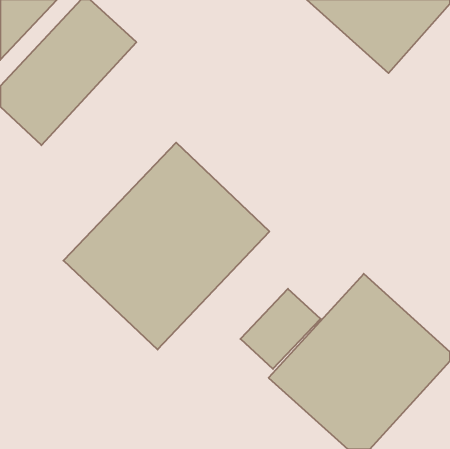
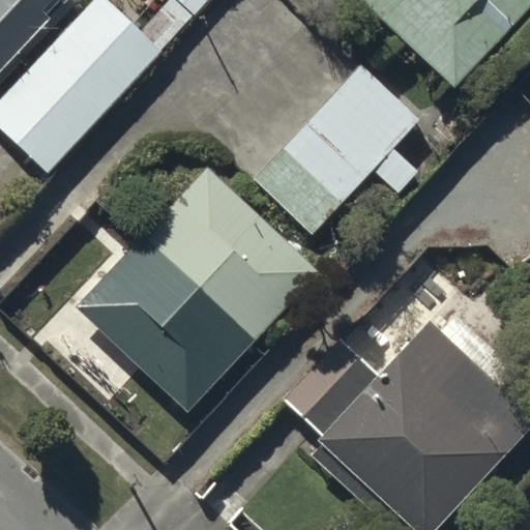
building: none -> [251,63,419,235]

